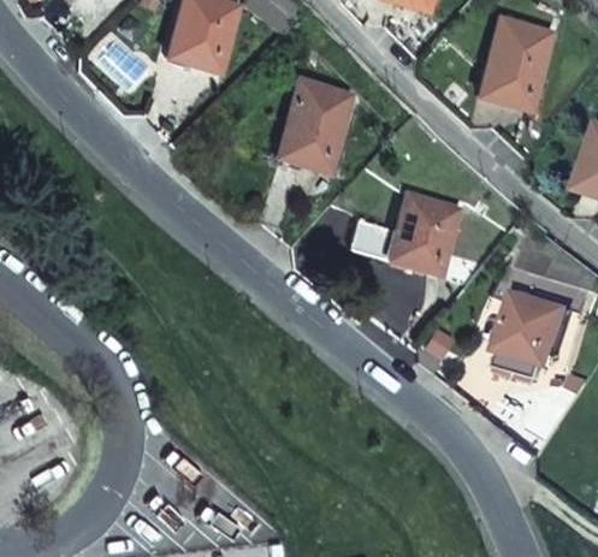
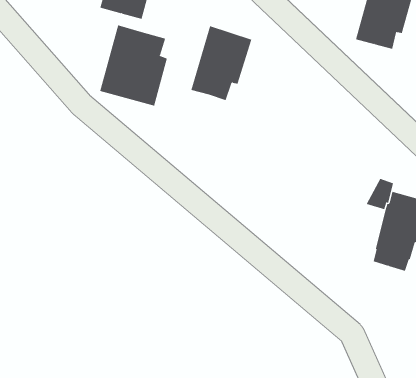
building: none -> [100,25,168,106]
building: [350,185,461,274] -> none

